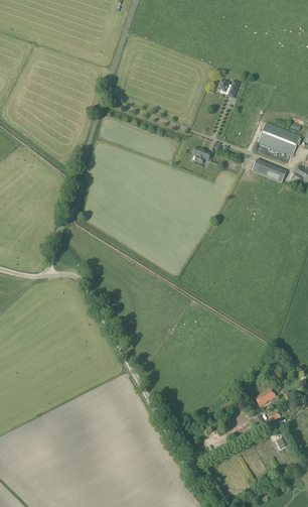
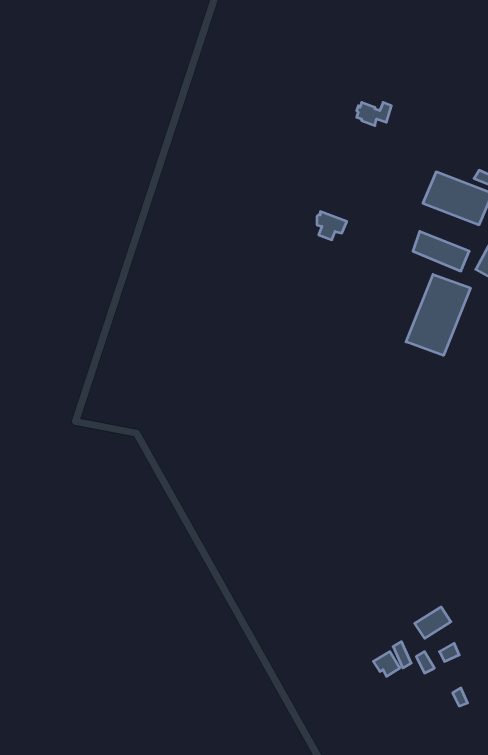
building: none -> [406,274,470,355]

